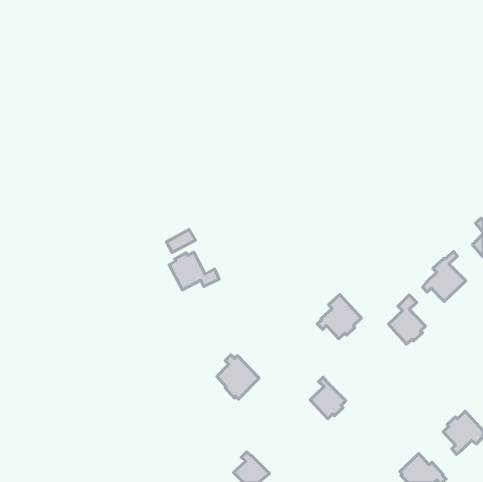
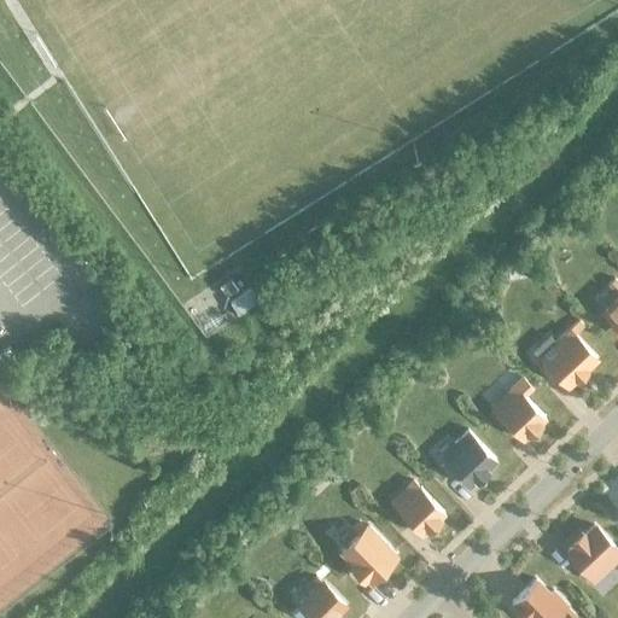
building: [169,252,219,290] -> none
building: [317,294,362,339] -> [438,431,495,488]
building: [217,355,259,399] -> [340,525,395,582]

